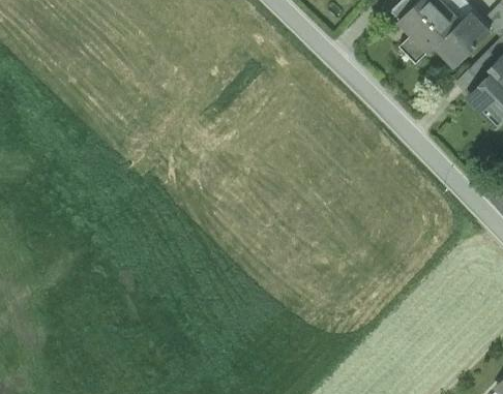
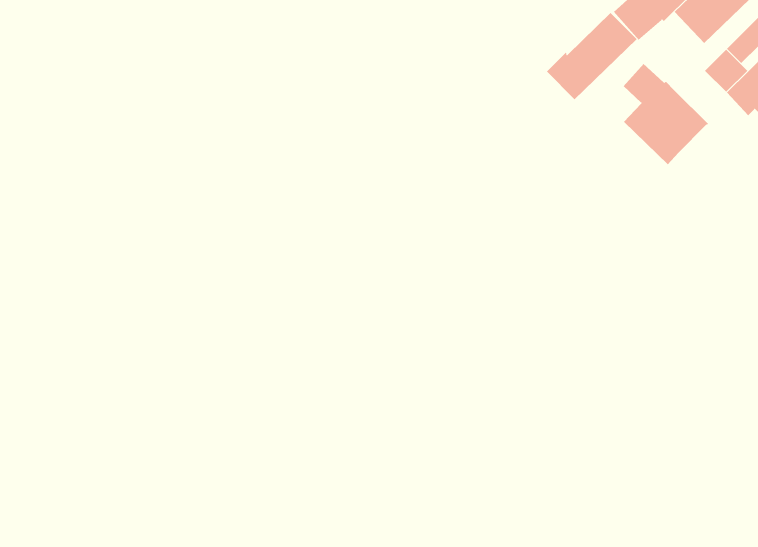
building: none -> [546,12,637,100]
building: none -> [623,63,709,165]

